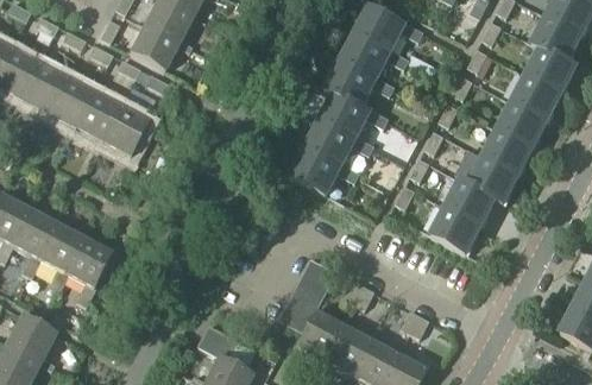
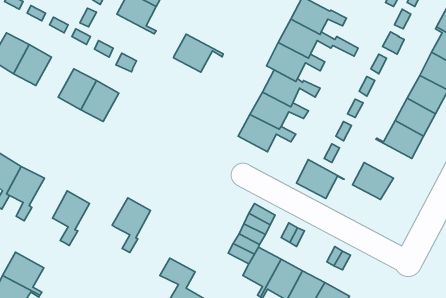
building: [128,25,189,71] -> [173,34,223,72]
building: [45,77,92,126] -> none
building: [445,177,503,225] -> [296,160,344,199]
building: [37,225,83,291] -> [112,198,150,252]

